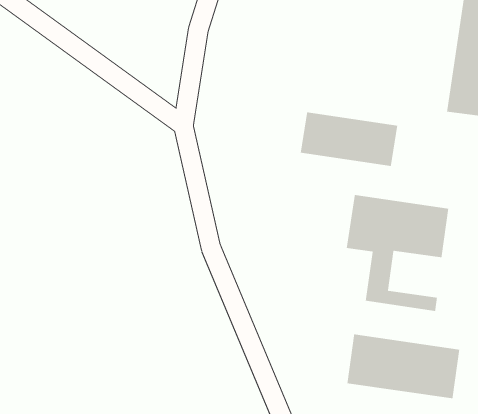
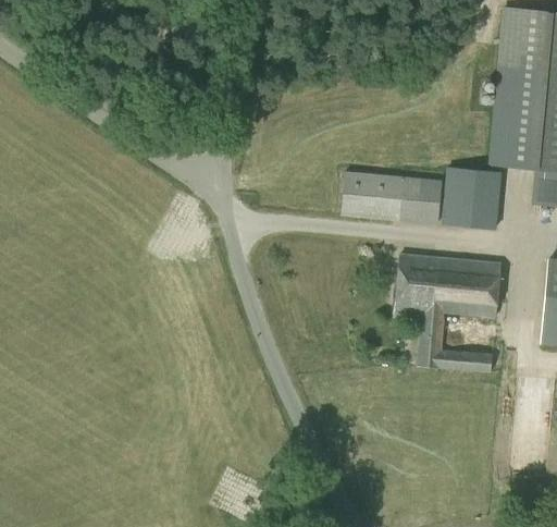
building: none -> [442,168,502,230]
building: [347,334,460,399] -> none

